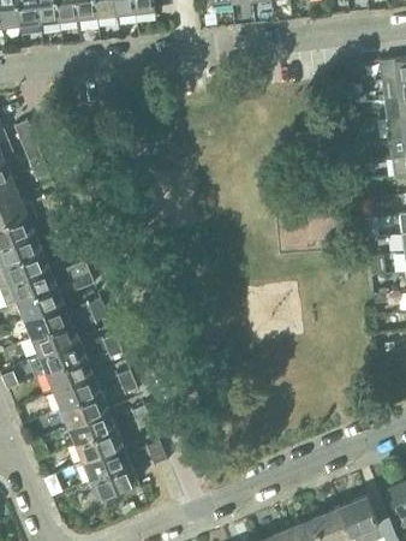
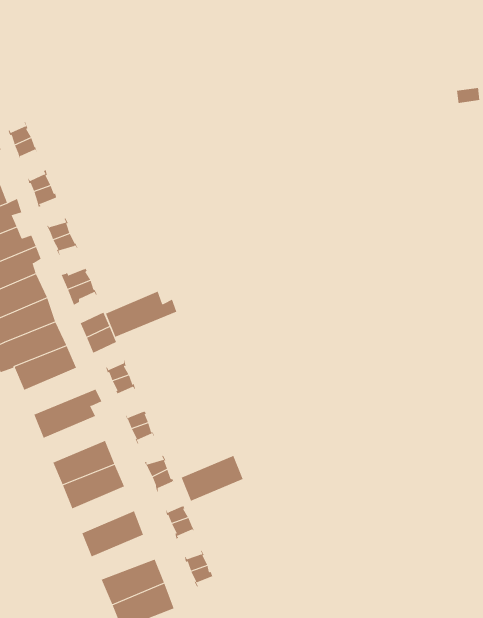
building: [25,304,79,339] -> [105,291,177,337]
building: [40,340,86,375] -> none
building: [61,393,108,428] -> [181,455,243,502]
building: [76,429,124,463] -> none

